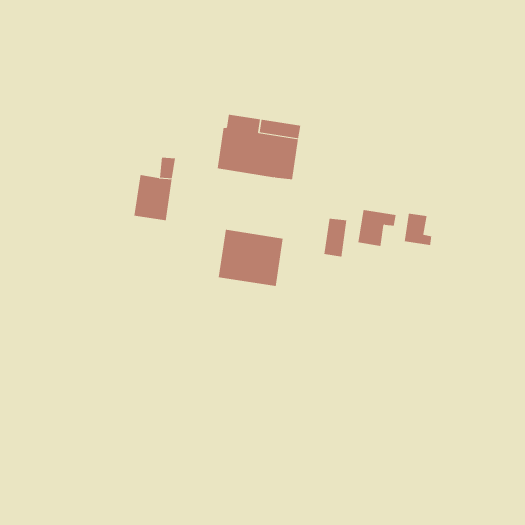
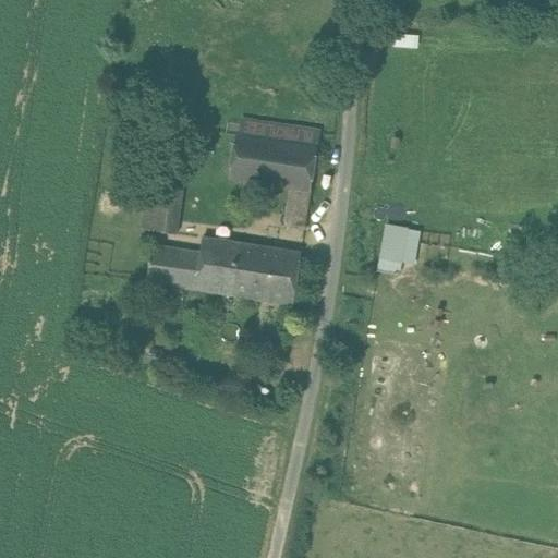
building: [404,213,432,246] -> none
building: [324,218,347,257] -> [286,189,311,230]
building: none -> [147,238,239,294]

